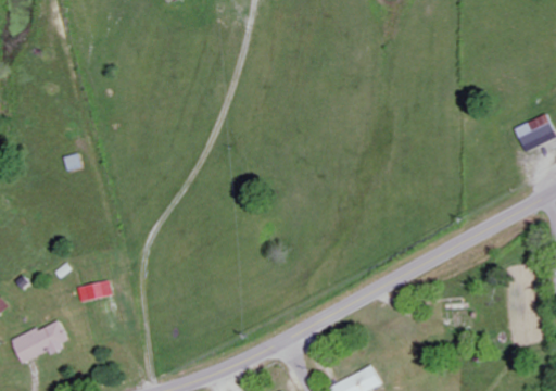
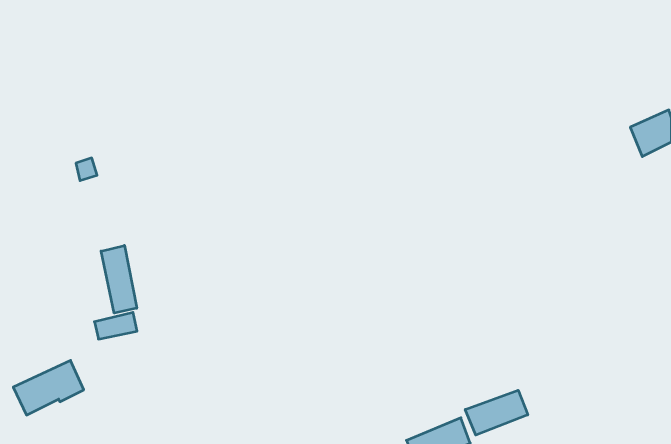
building: none -> [101,245,137,313]
building: none -> [465,390,528,435]

